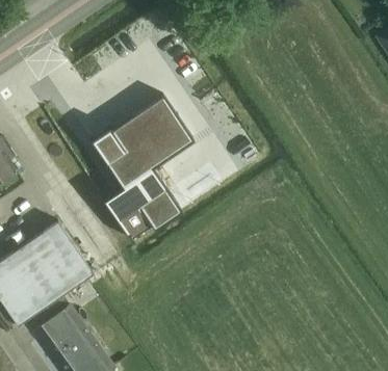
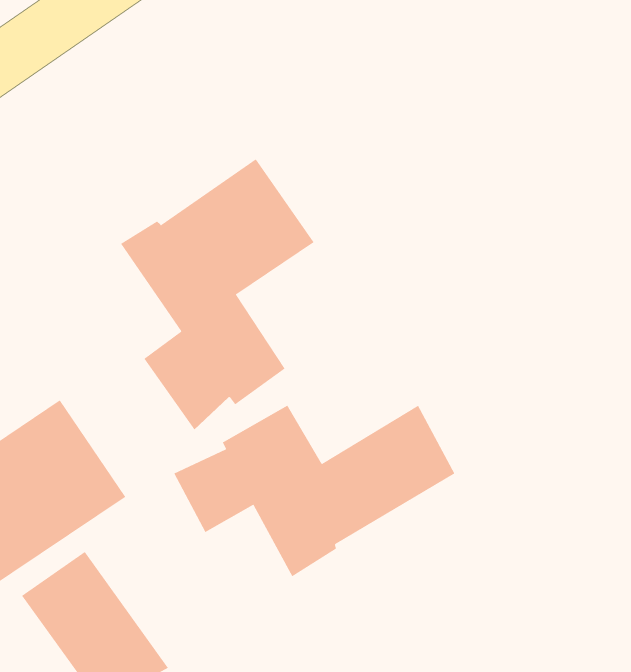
building: none -> [174,405,455,577]

